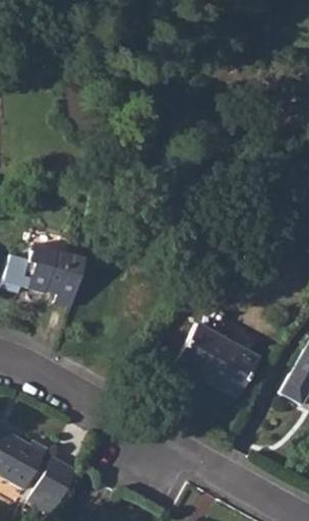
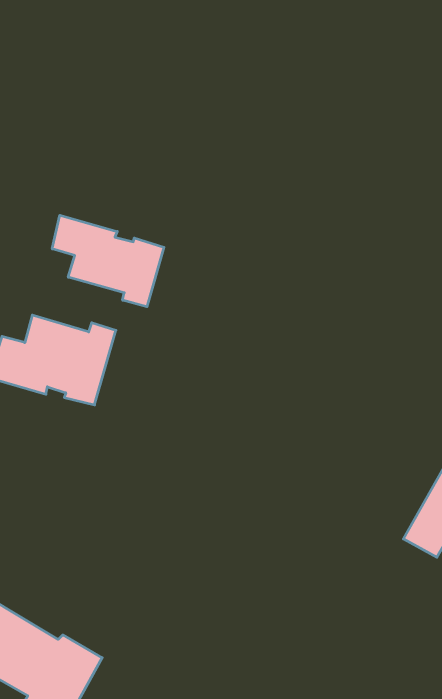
building: none -> [52,215,164,307]
building: [179,324,263,398] -> none

